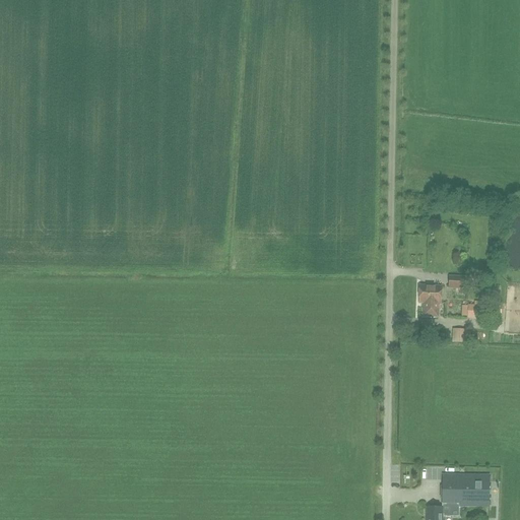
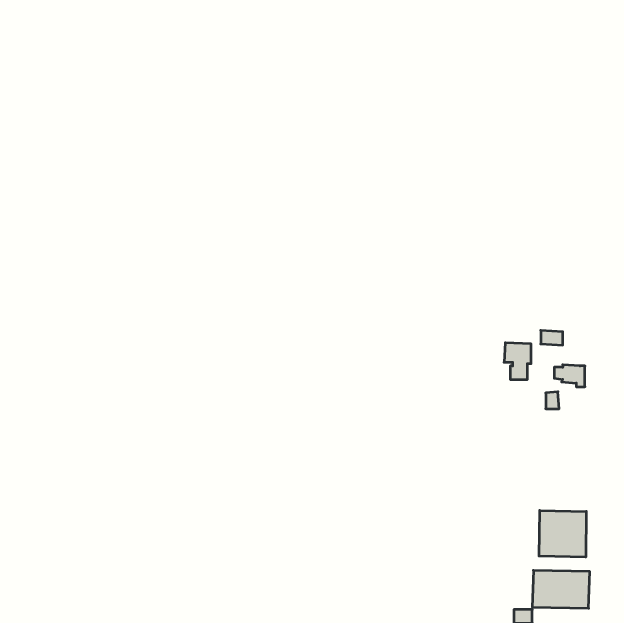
building: none -> [539,510,586,557]

